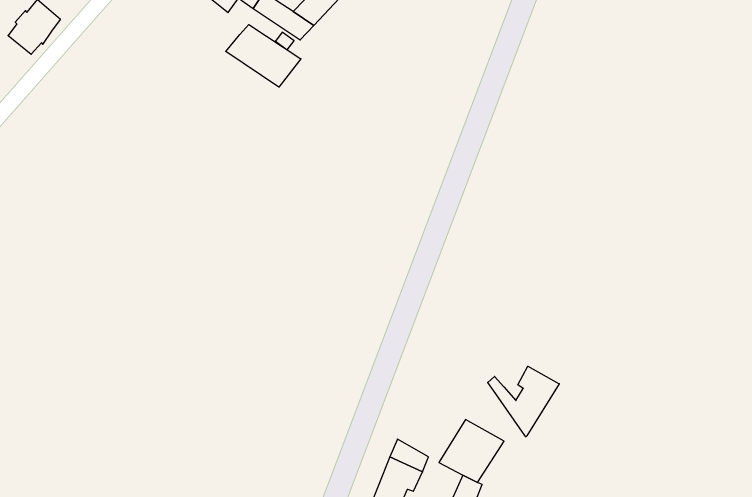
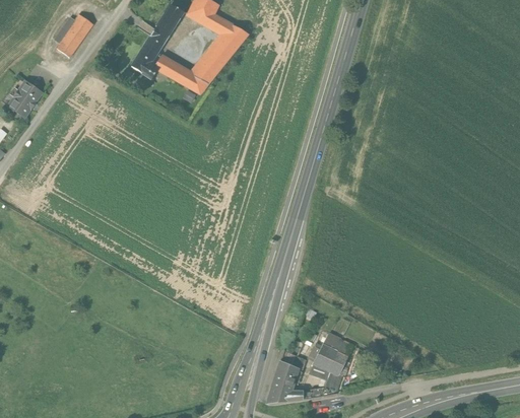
building: [226,25,301,87] -> none
building: [488,366,559,437] -> none

